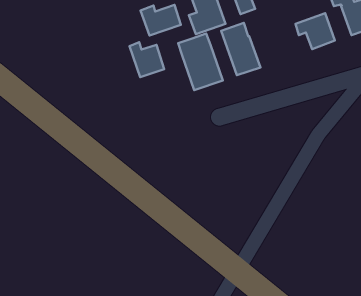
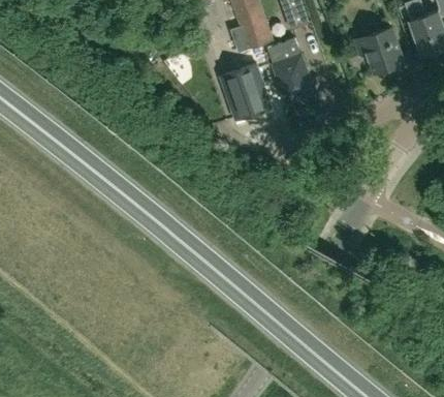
building: [141,5,181,36] -> none
building: [129,42,164,77] -> none

